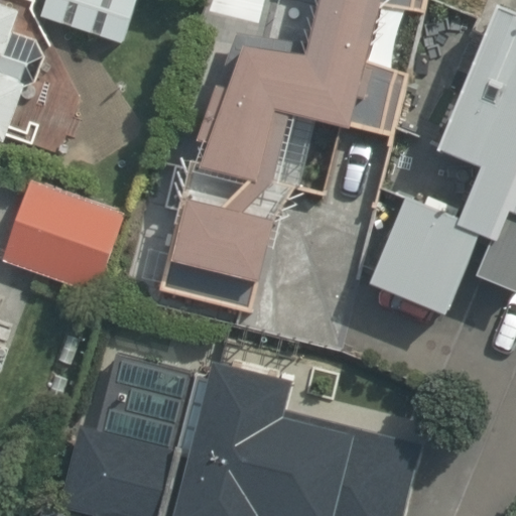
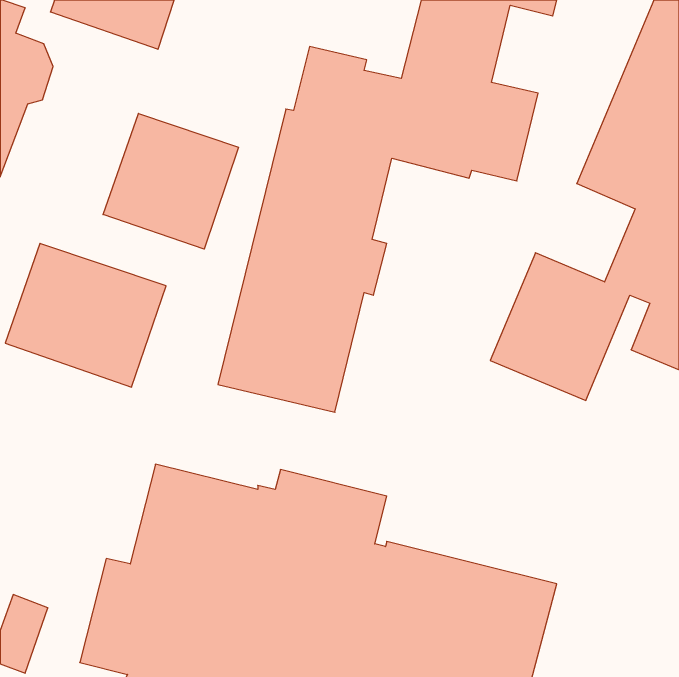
building: none -> [103,113,238,249]

